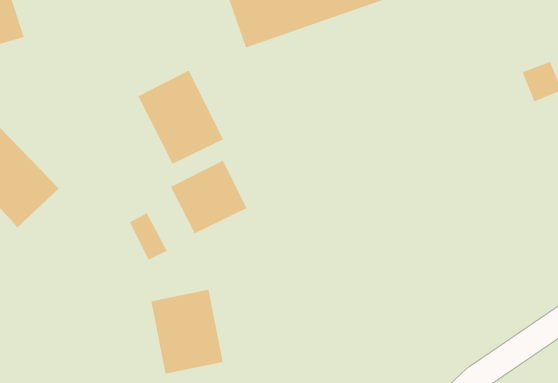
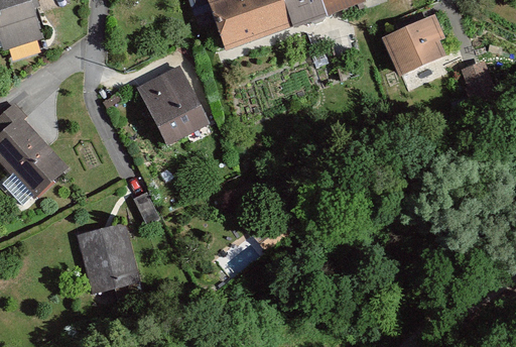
building: none -> [378,13,446,80]
building: [170,160,247,234] -> none
building: [150,289,224,374] -> [77,222,138,294]

